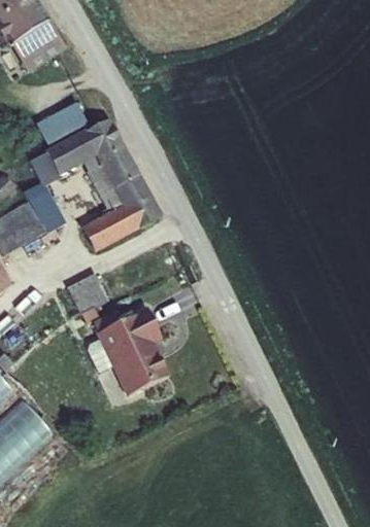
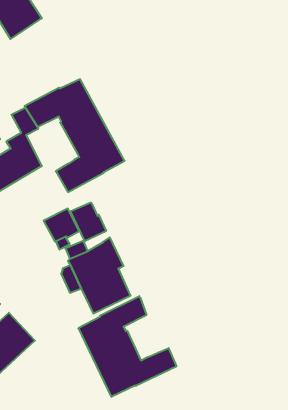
building: [35,101,87,144] -> none
building: none -> [70,203,106,241]
building: none -> [79,296,176,397]

